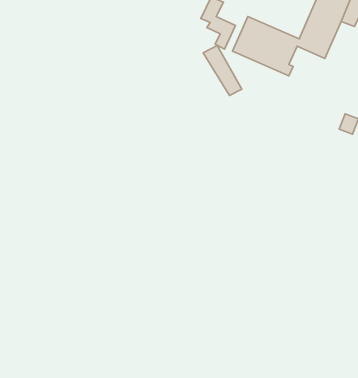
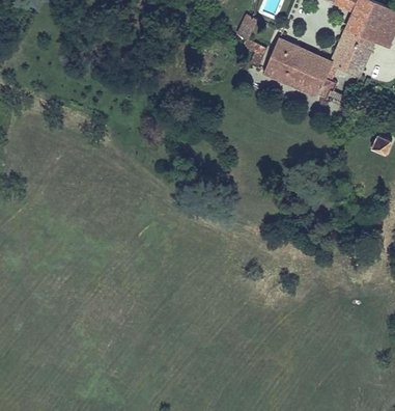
building: [203,45,242,96] -> none

